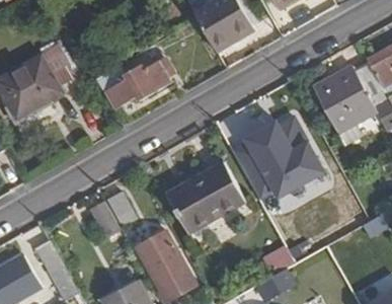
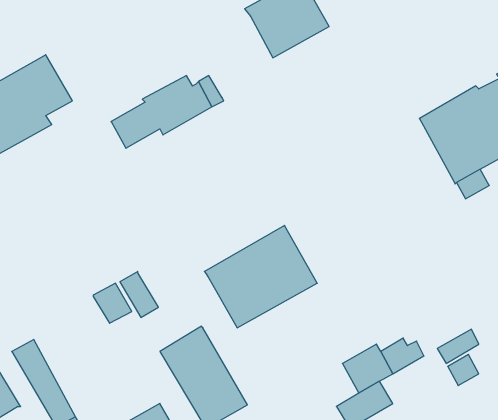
building: [220,106,326,214] -> none

